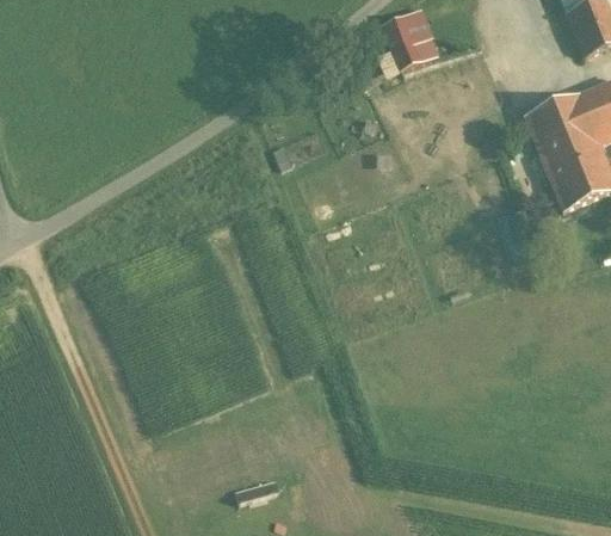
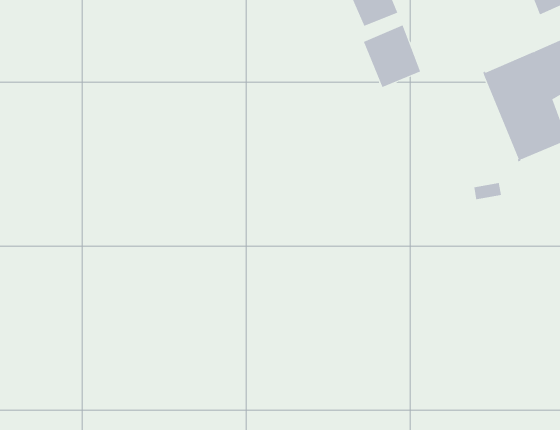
building: none -> [363,25,421,88]

